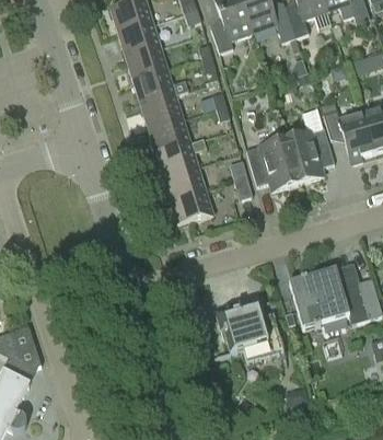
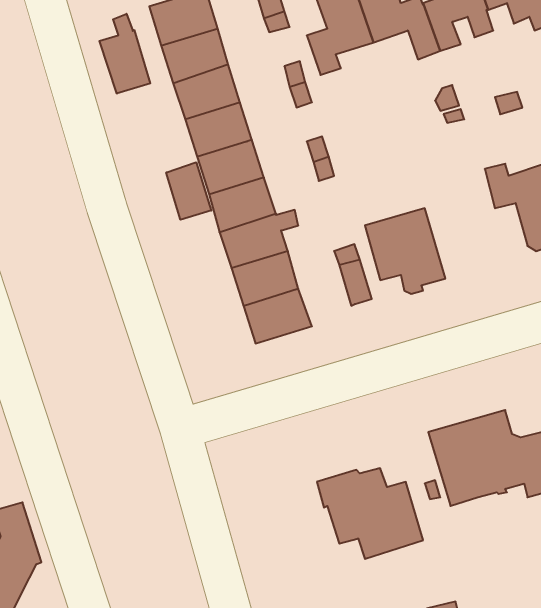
building: none -> [99,14,150,94]
building: none -> [166,162,211,220]
building: [286,108,334,182] -> none

